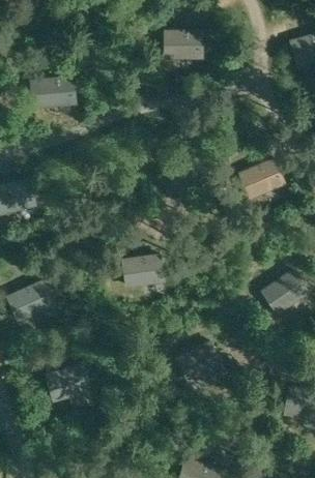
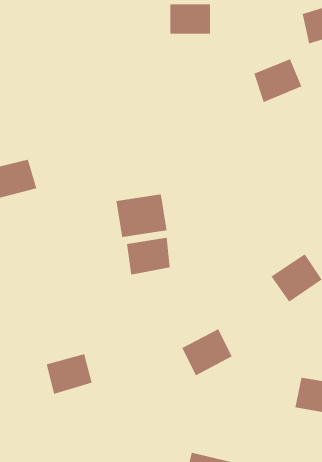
building: [29,77,76,110] -> none
building: [238,158,285,201] -> [253,58,302,103]
building: none -> [116,193,167,238]
building: [5,280,54,324] -> none

